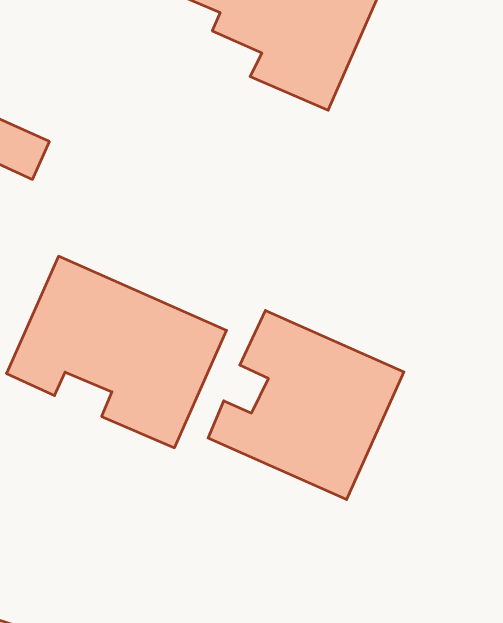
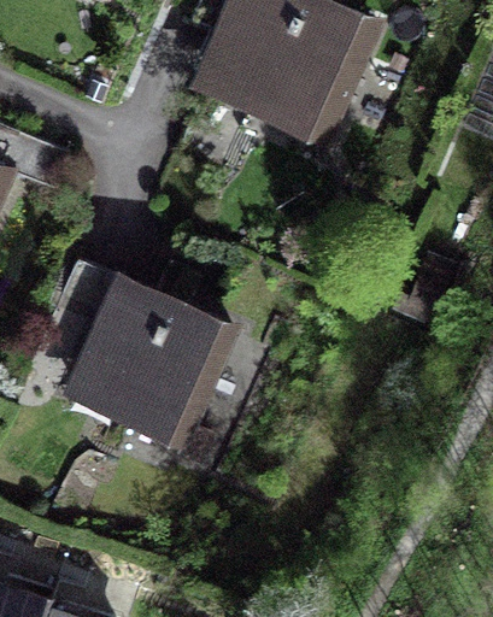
building: [208,310,404,500] -> none

